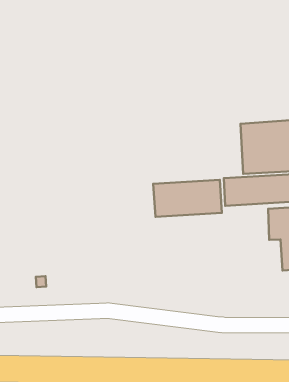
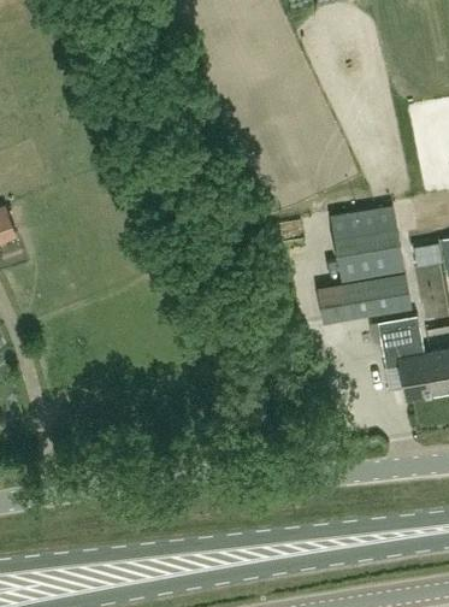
building: [153,180,222,217] -> none

